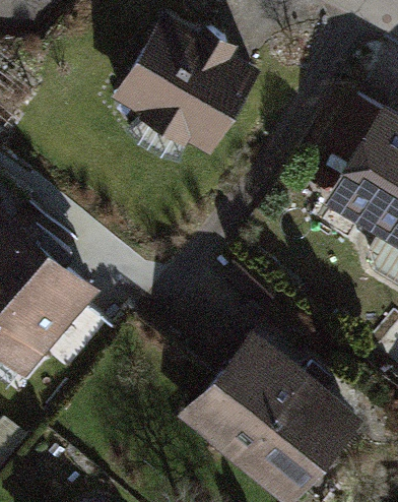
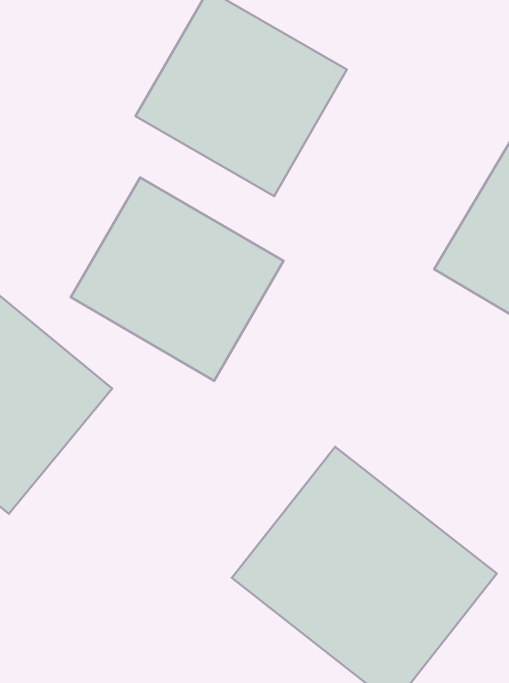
building: none -> [71,177,284,381]

